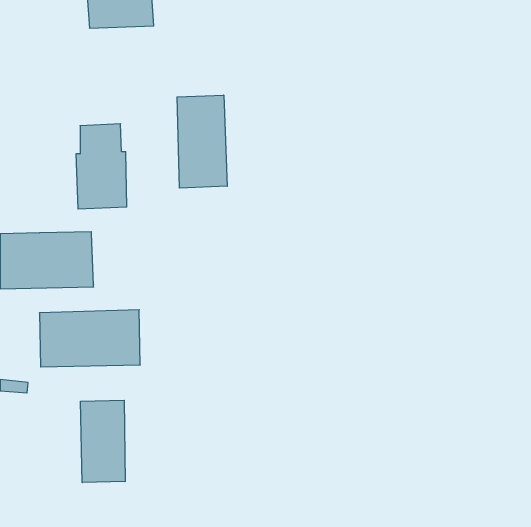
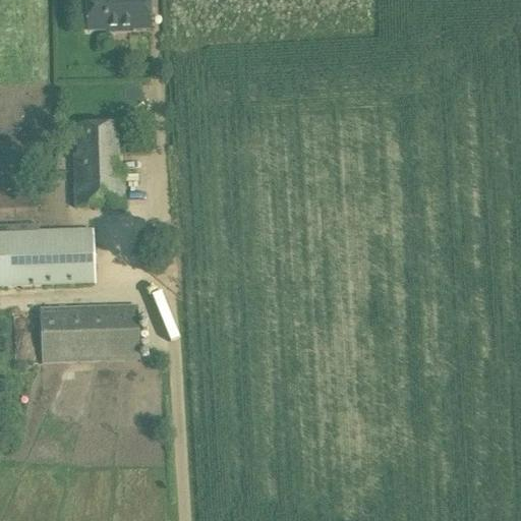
building: [177,95,227,188] -> none
building: [81,400,125,483] -> none

